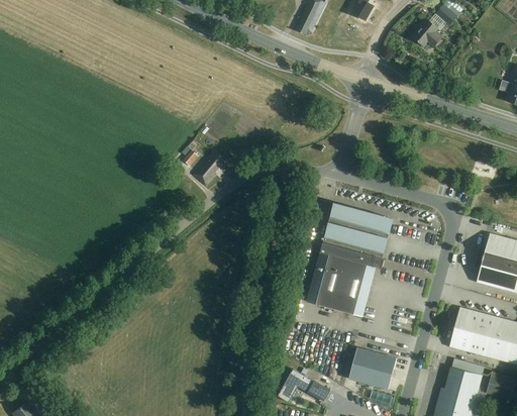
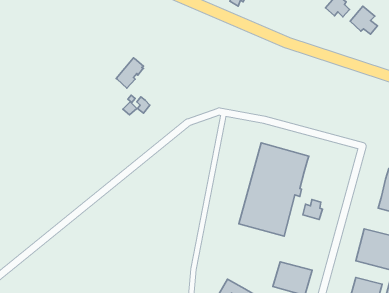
building: none -> [350,6,378,34]
building: [193,148,226,186] -> [116,58,143,88]
building: none -> [303,200,322,219]

